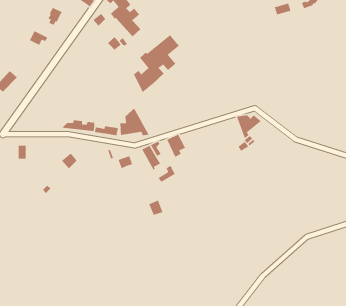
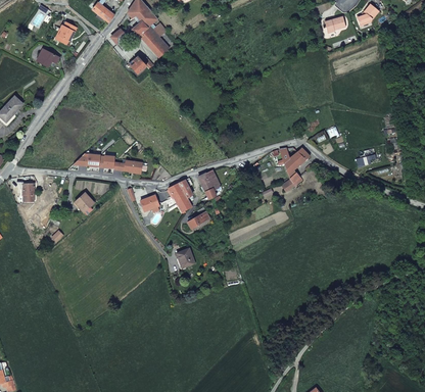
building: [133,34,180,93] -> none
building: [120,108,150,136] -> none

